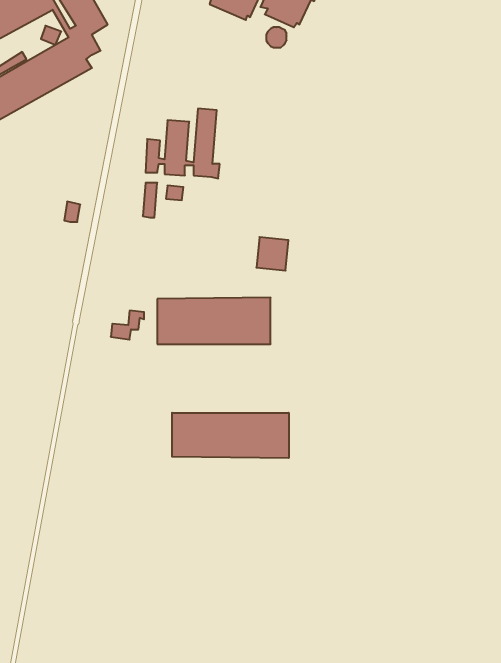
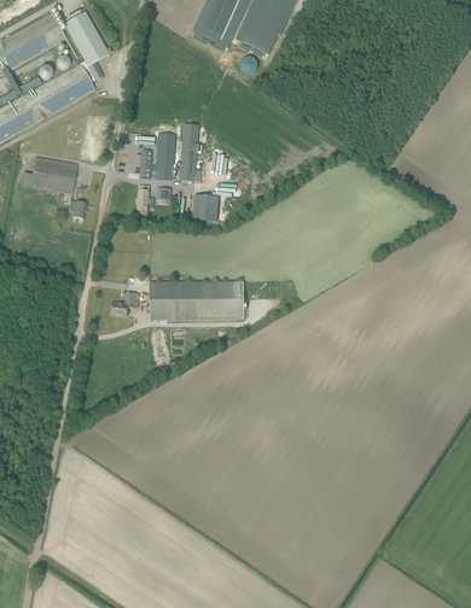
building: none -> [23,154,76,193]
building: [256,237,288,271] -> [191,193,217,221]
building: [172,413,289,458] -> none

